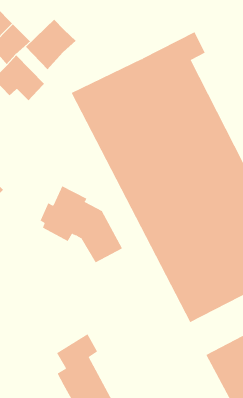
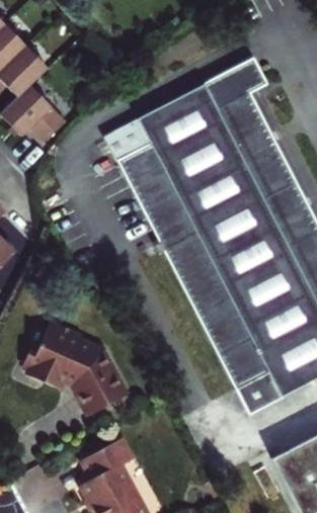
building: [25,19,77,70] -> none
building: [40,186,123,263] -> [18,313,122,409]

